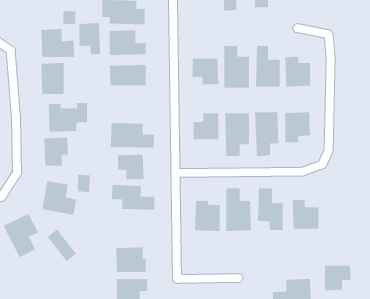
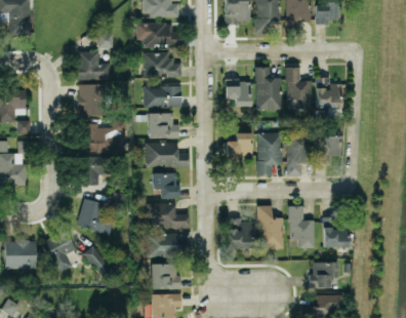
building: [79,22,101,55] -> none
building: none -> [148,113,178,140]
building: none -> [147,233,177,259]
building: [324,265,351,291] -> [311,263,337,288]

